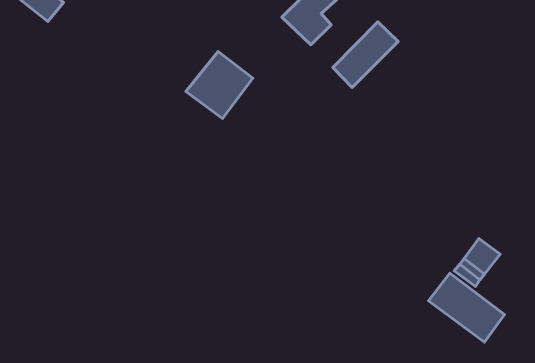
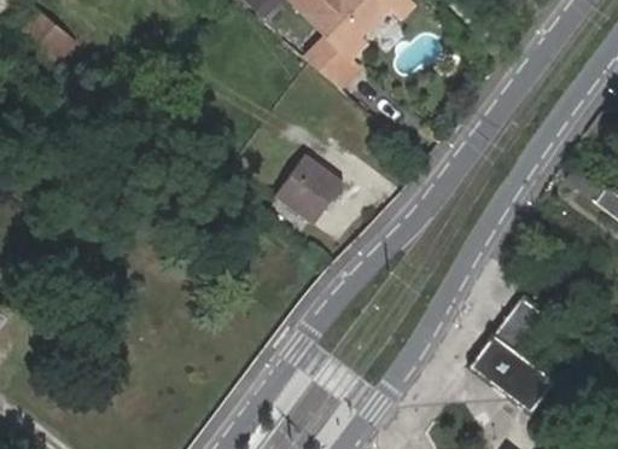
building: [333,22,398,87] -> none
building: [186,51,253,118] -> [272,152,344,224]

